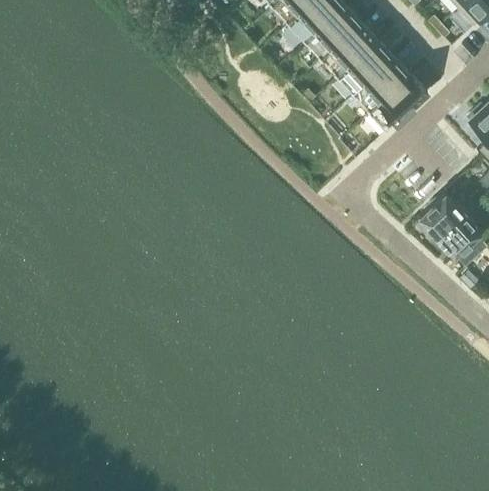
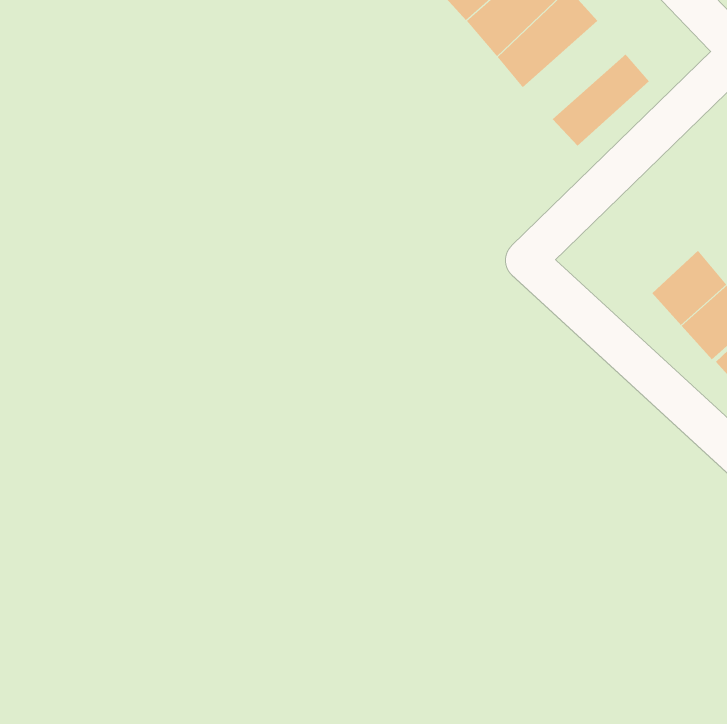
building: [346,56,406,113] -> none

